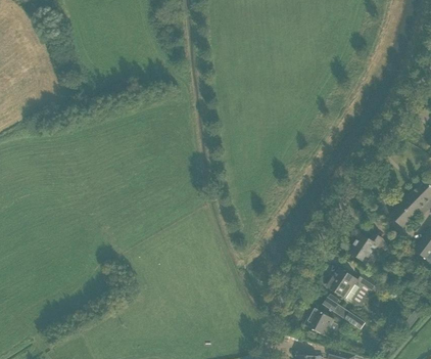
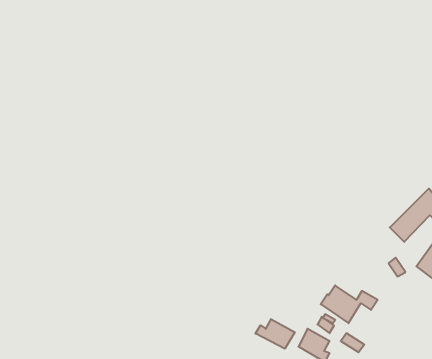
building: [350,232,386,261] -> none
building: none -> [255,319,295,349]

